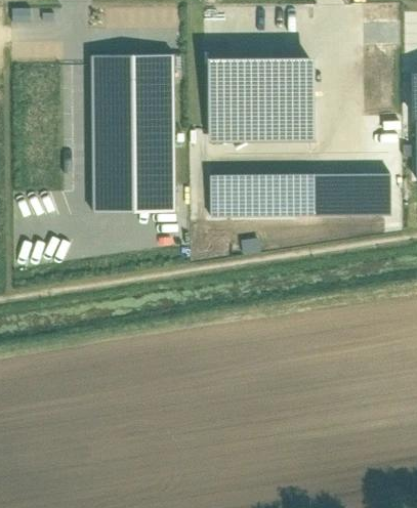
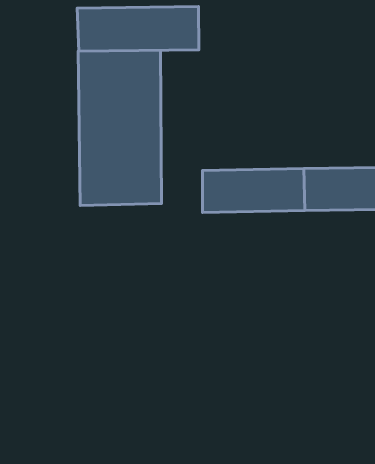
building: none -> [77,7,199,51]
building: [209,57,316,143] -> none

